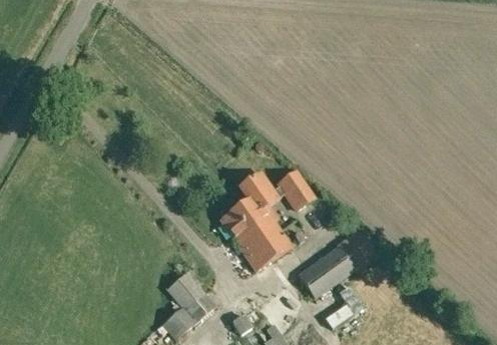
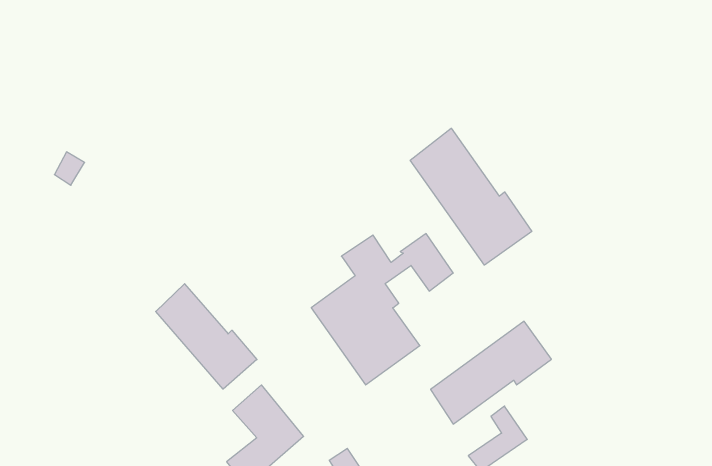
building: none -> [410,128,532,265]
building: none -> [156,284,257,389]

